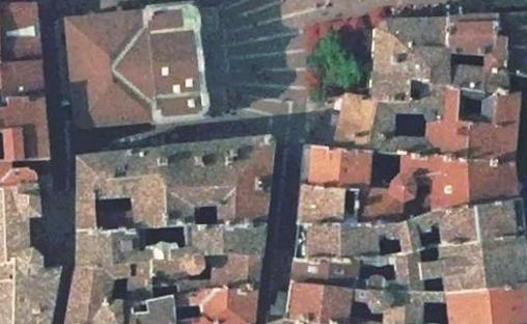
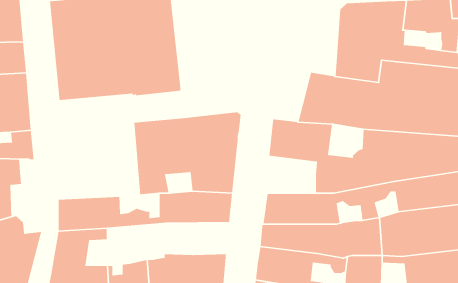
building: [75,148,162,231] -> none
building: [296,185,351,225] -> none
building: [128,255,258,301] -> none

